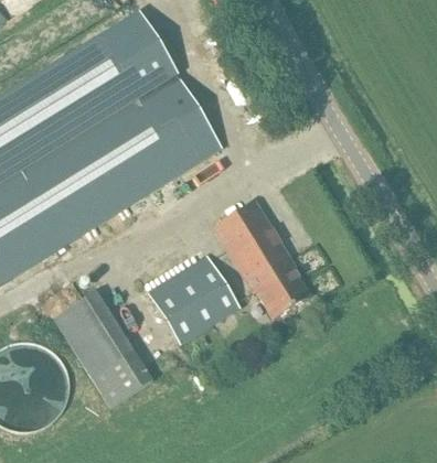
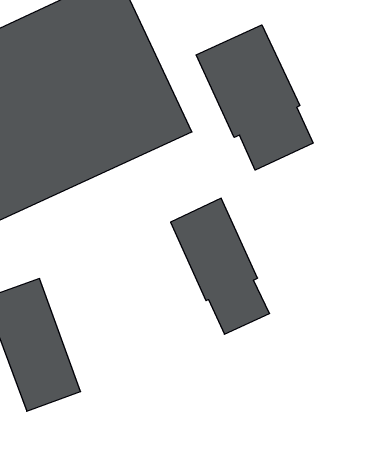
building: none -> [196,25,313,170]
building: [153,261,239,342] -> none

